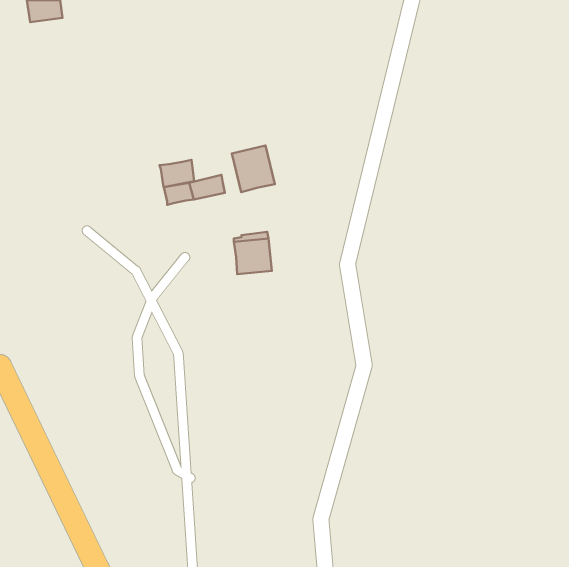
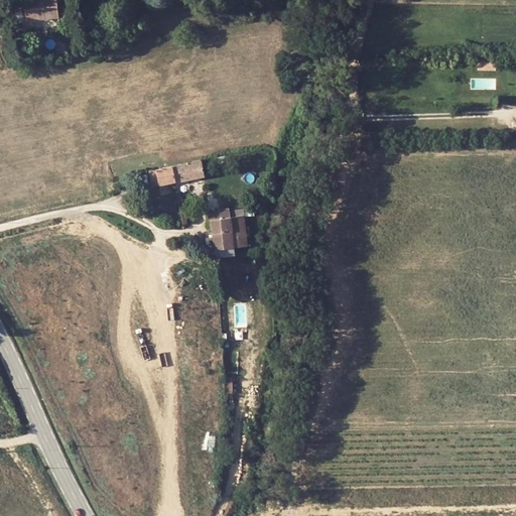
building: [232,146,275,192] -> none
building: [159,160,194,187] -> none

